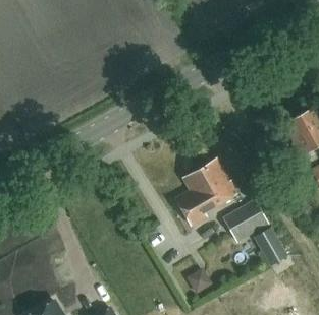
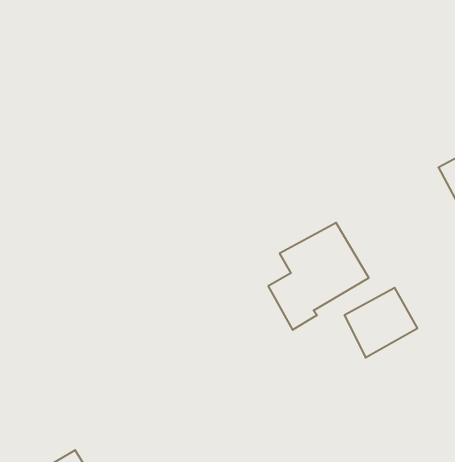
building: [254,227,288,266] -> none

